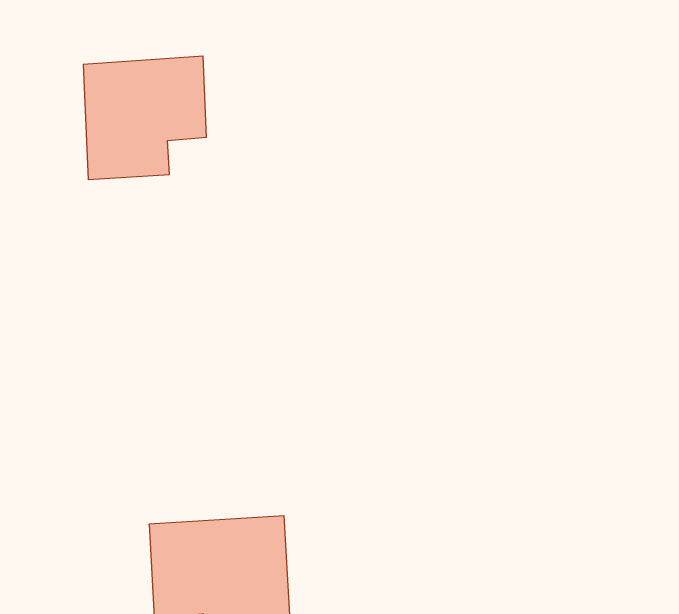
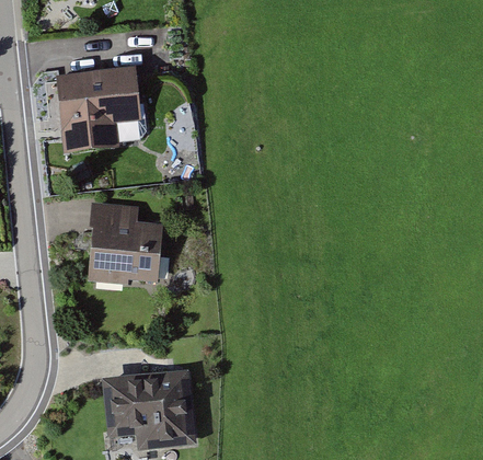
building: none -> [89,199,163,289]

